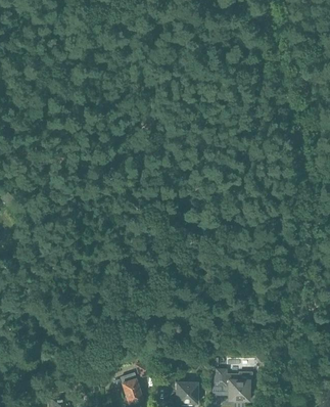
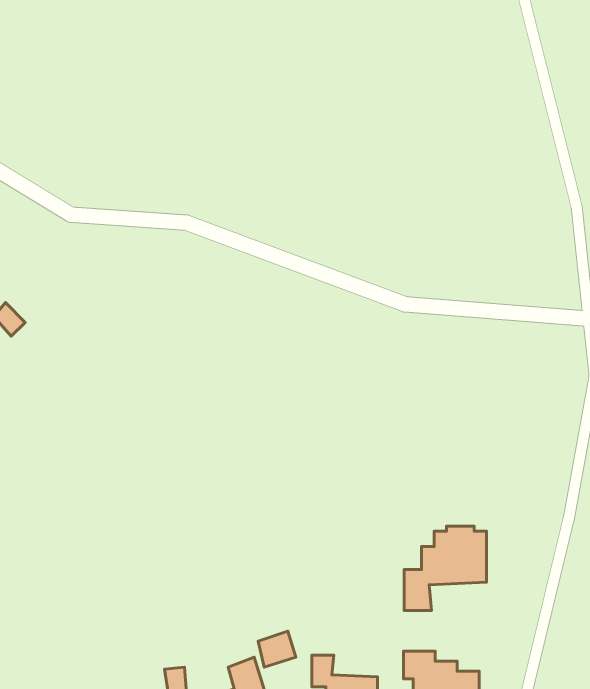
building: none -> [404,526,487,610]

